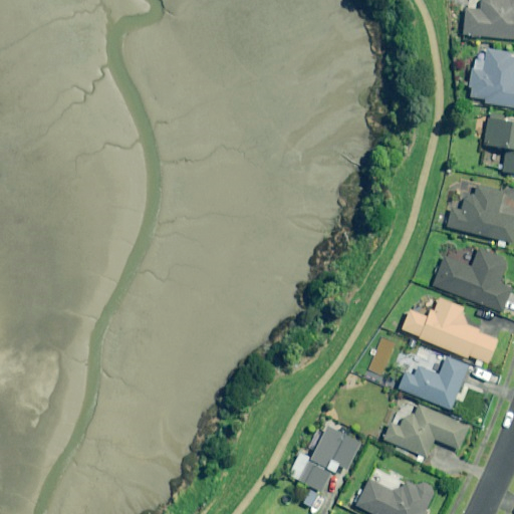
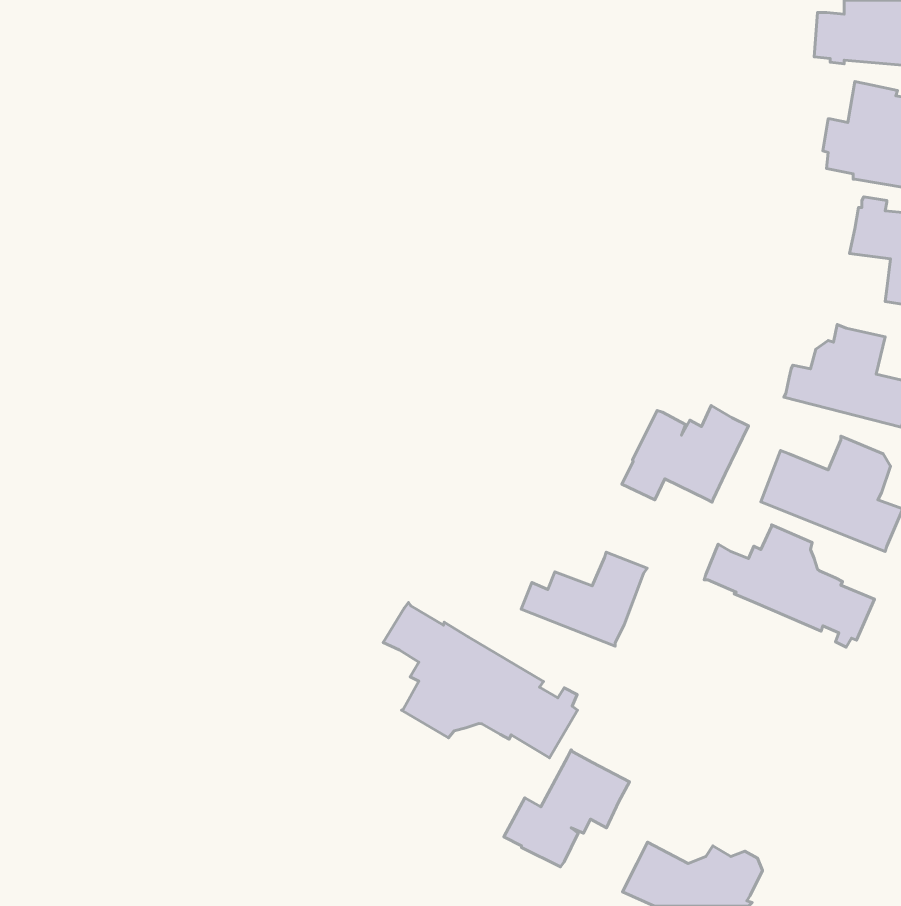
building: none -> [622,405,749,502]
building: none -> [383,602,578,758]
building: [399,355,470,409] -> [521,552,647,646]
building: [382,404,470,461] -> none

